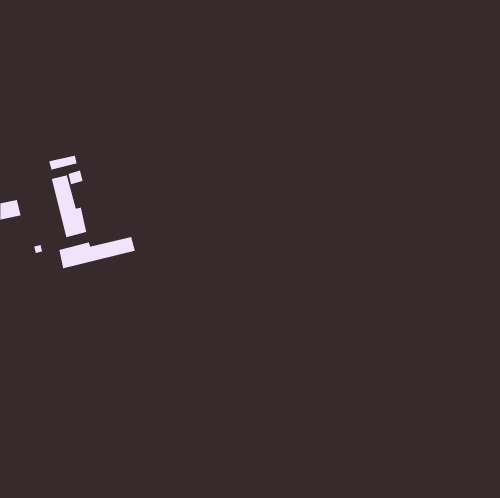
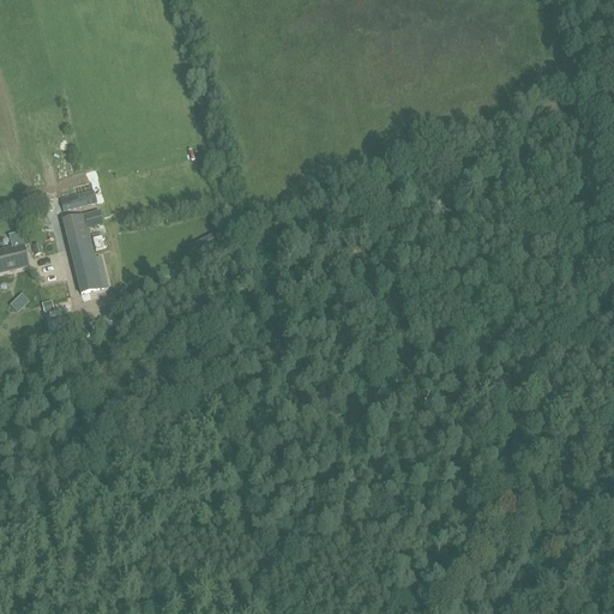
building: [58,236,136,269] -> none

